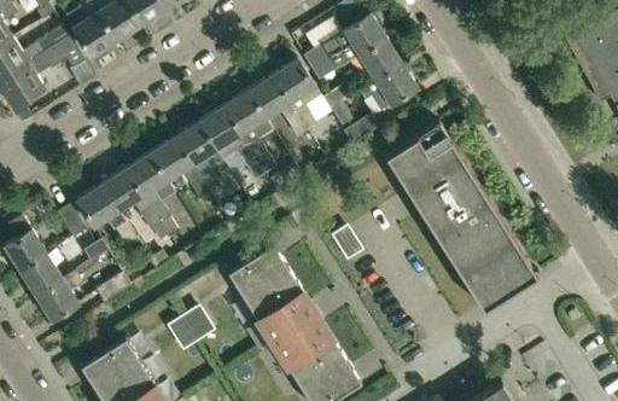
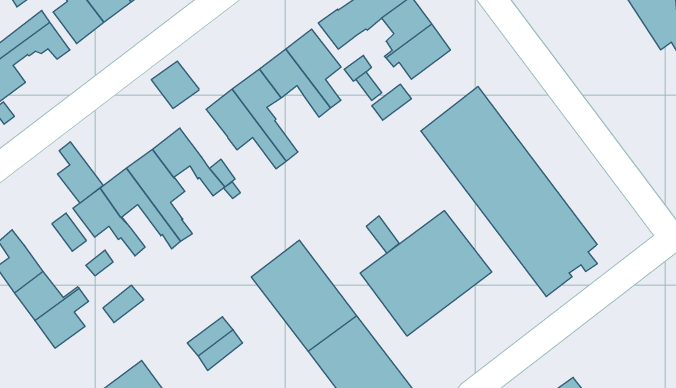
building: [175,123,216,164] -> [151,61,199,108]
building: none -> [57,142,103,203]
building: none -> [360,211,492,336]

